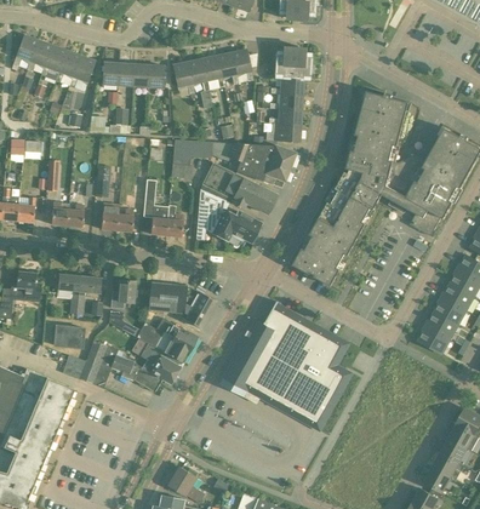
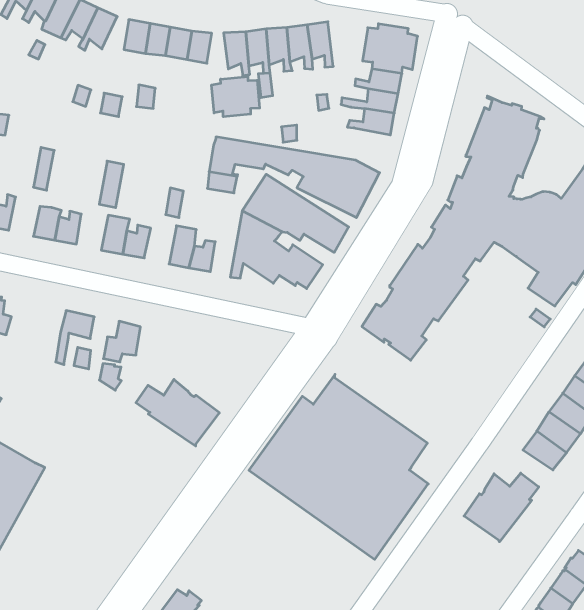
building: none -> [212,76,260,117]
building: [265,122,299,142] -> none
building: [56,273,80,313] -> none
building: [148,282,216,327] -> none
building: [53,325,84,348] -> none
building: [63,341,183,391] -> none
building: none -> [464,473,539,542]

